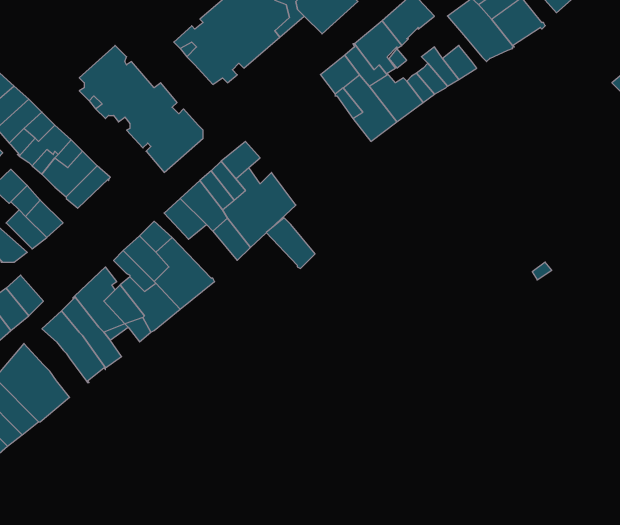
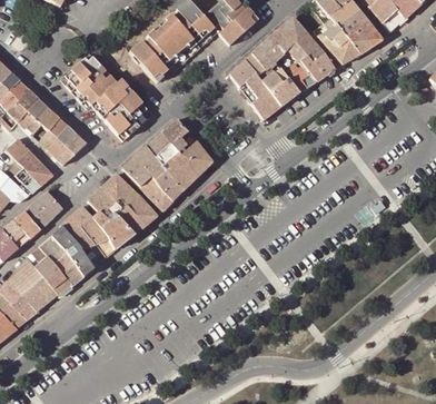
building: none -> [288,33,324,62]
building: [266,218,315,268] -> [139,176,172,210]
building: none -> [24,190,63,228]
building: none -> [27,247,70,294]

